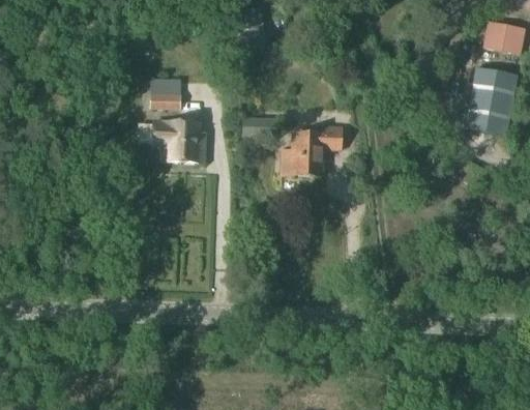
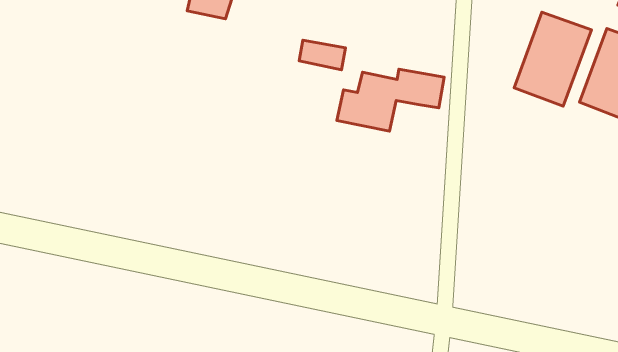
building: none -> [514,12,592,106]
building: [150,120,203,163] -> none

